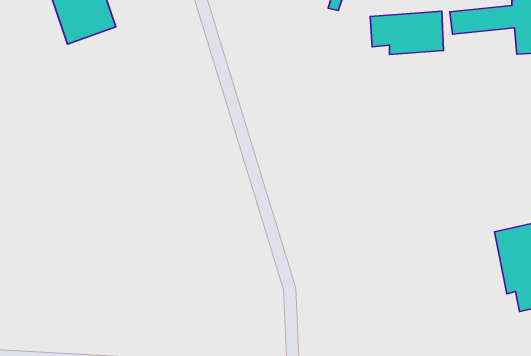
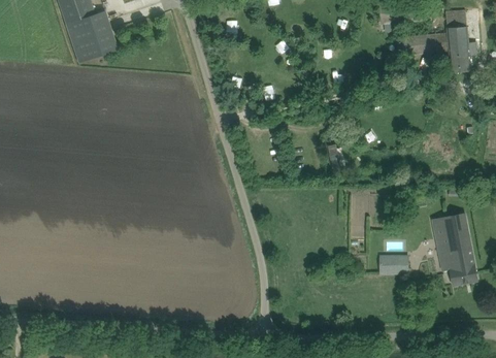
building: [370,11,444,54] -> none
building: none -> [379,255,408,274]

